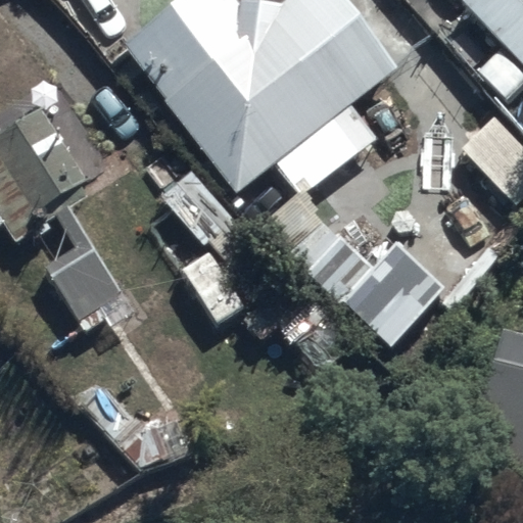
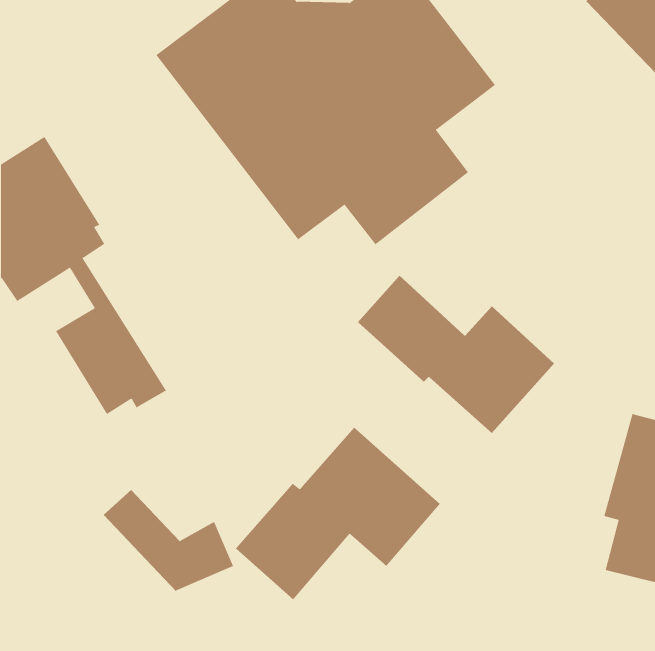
building: none -> [235,427,440,600]

